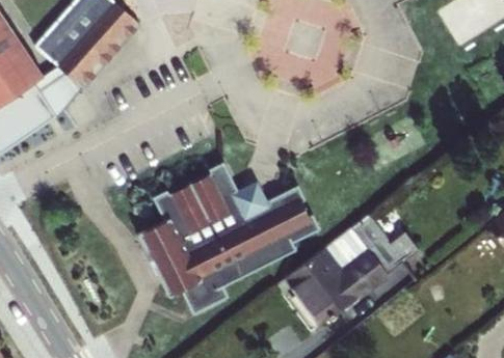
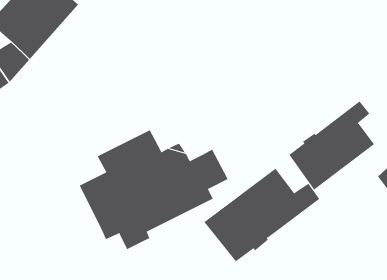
building: none -> [289,101,375,190]

